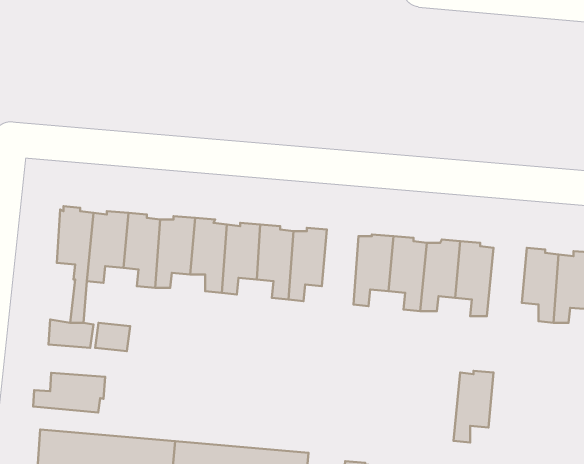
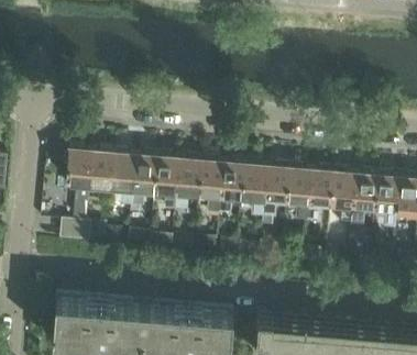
building: none -> [241,165,265,214]
building: [454,371,494,443] -> [350,176,376,223]
building: [33,373,105,412] -> none

